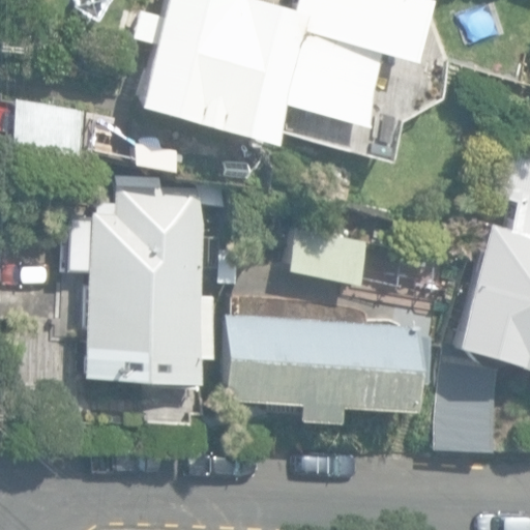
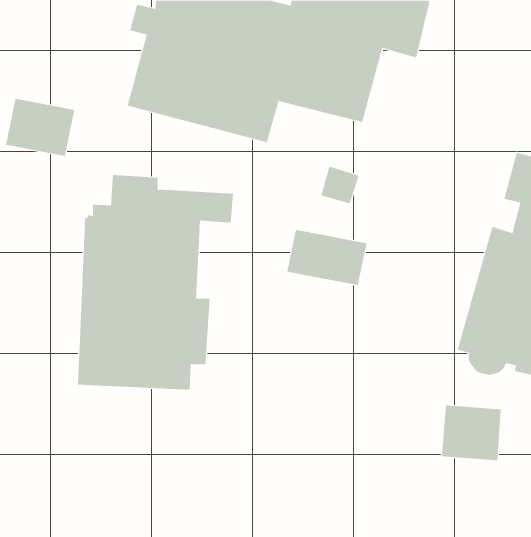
building: [222,316,429,421] -> none

